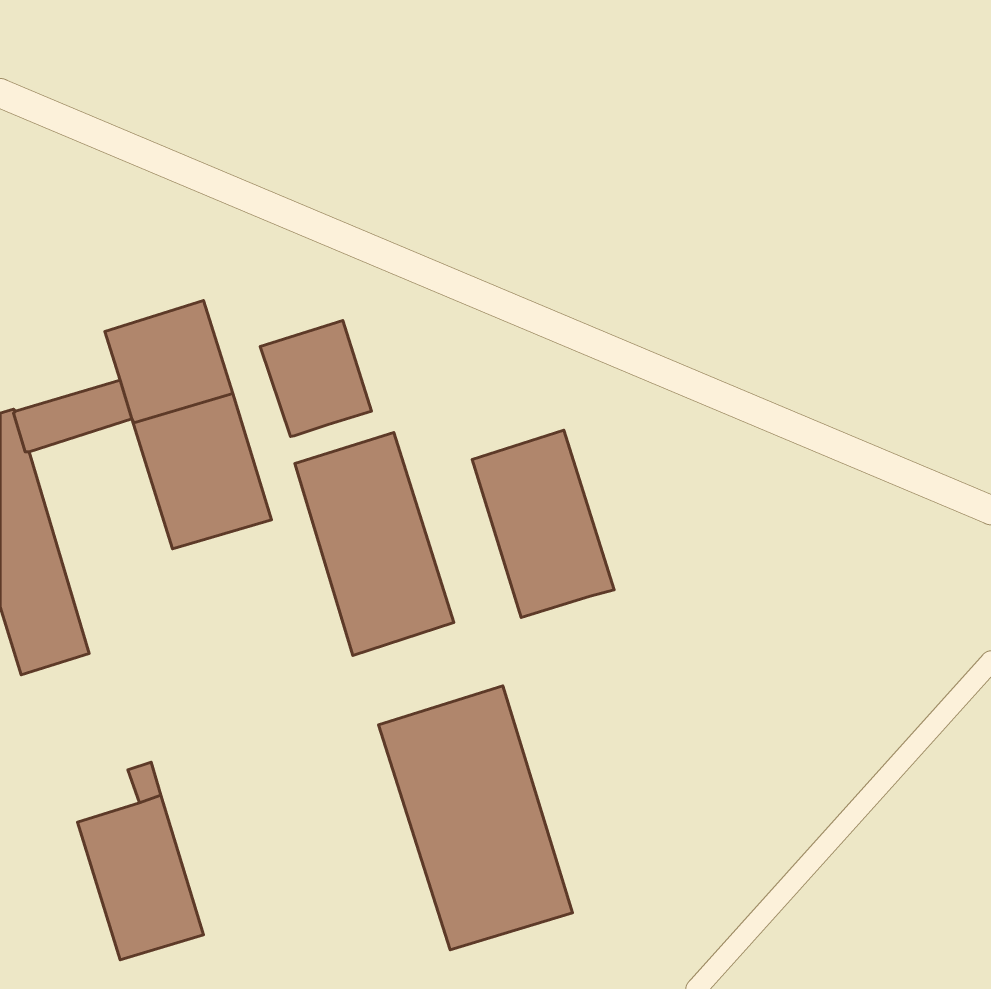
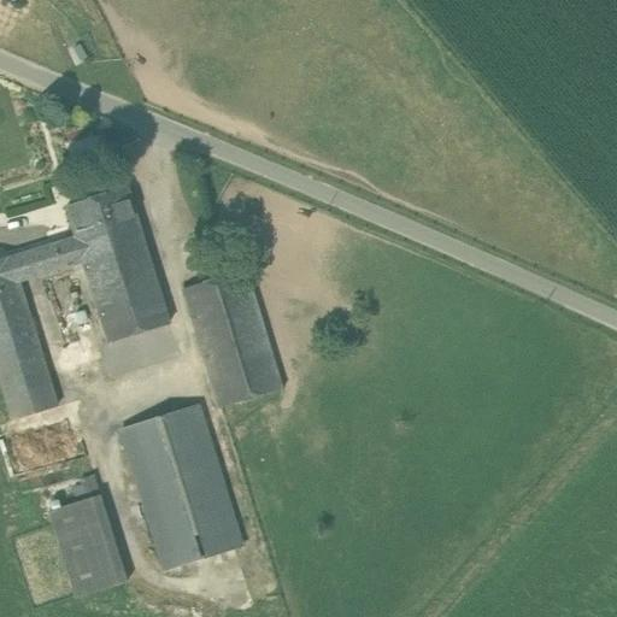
building: [260,320,371,436] -> none
building: [472,430,614,617] -> none
building: [379,686,573,950] -> [121,405,241,569]

